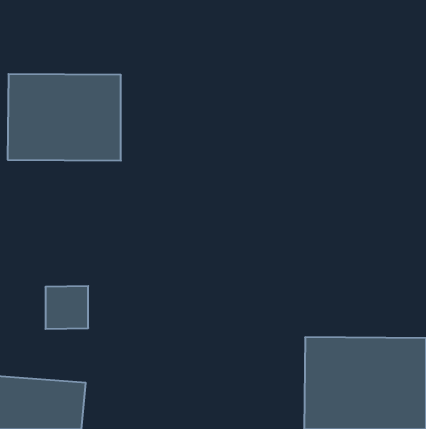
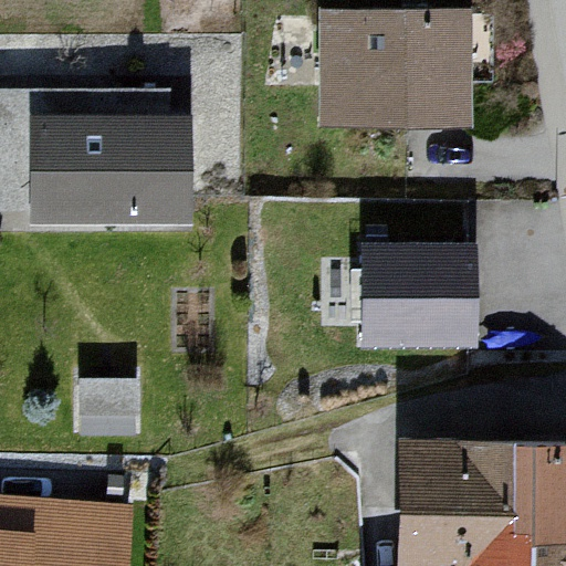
building: none -> [325,15,474,128]
building: none -> [364,249,478,349]

